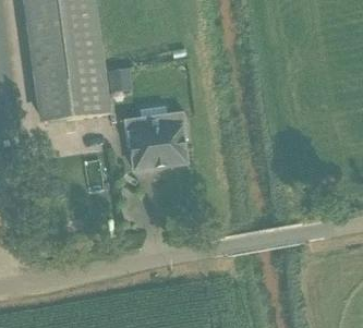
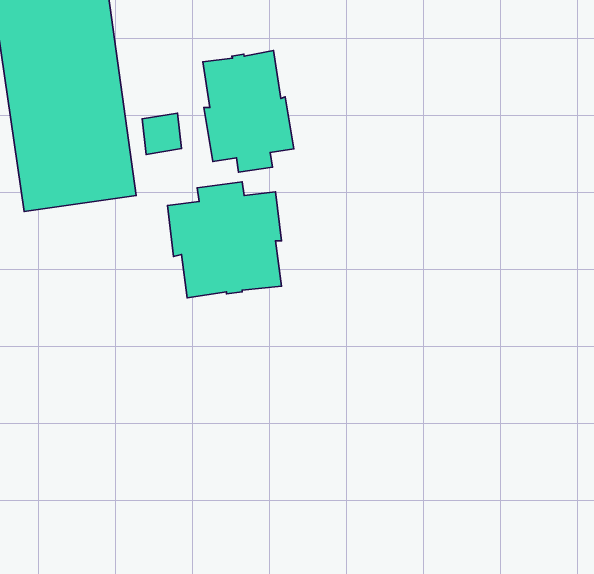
building: none -> [203,51,294,172]

